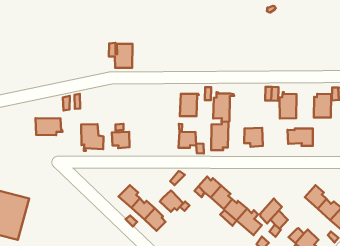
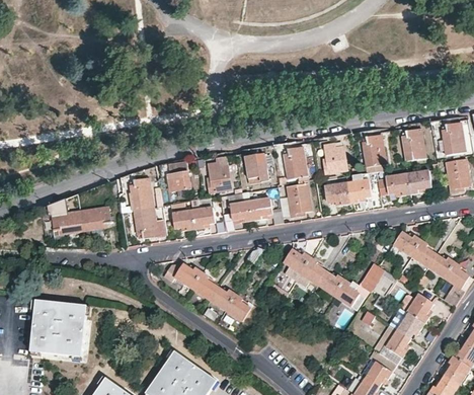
building: [109,43,133,68] -> [159,160,190,191]
building: none -> [323,143,346,173]
building: none -> [208,163,232,192]
building: none -> [131,178,153,210]
building: none -> [51,205,83,233]
building: none -> [346,172,371,203]
building: none -> [228,192,252,222]
building: none -> [191,197,215,228]
building: none -> [406,170,429,193]
building: none -> [163,263,202,288]
building: none -> [392,231,419,255]
building: [160,191,183,212] -> none

